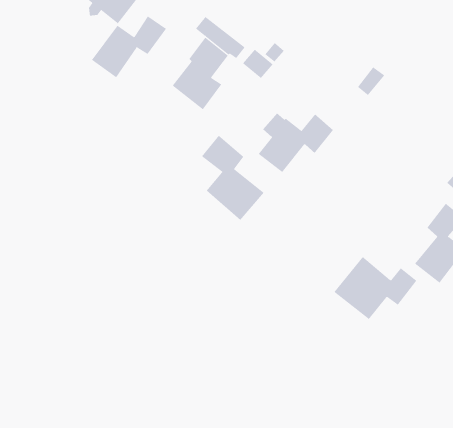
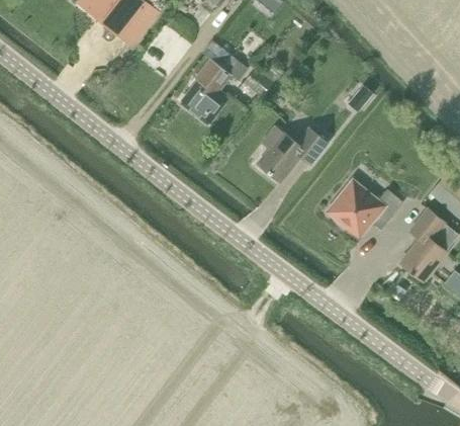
building: [91,16,167,78] -> none
building: [201,135,264,221] -> none
building: [334,256,417,320] -> [327,178,402,236]

